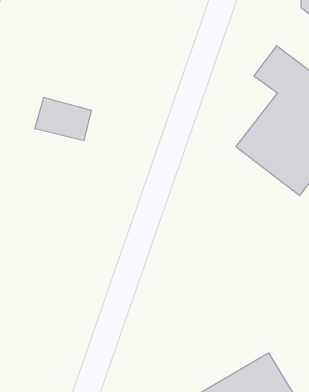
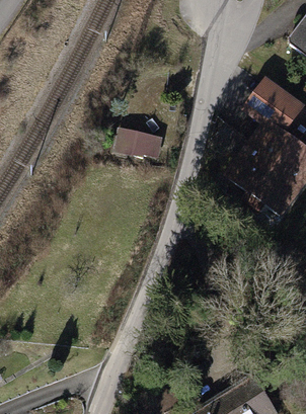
building: [35,98,92,140] -> [110,123,164,164]

